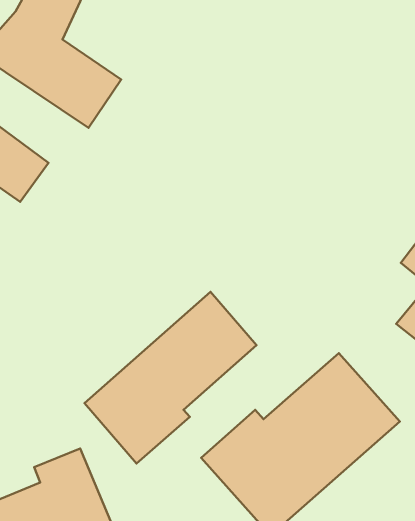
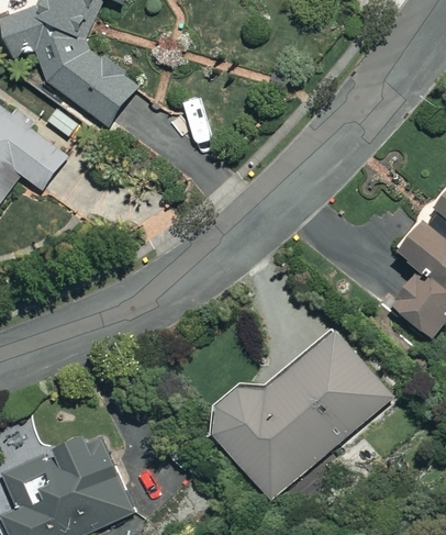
building: [84,292,256,463] -> none

